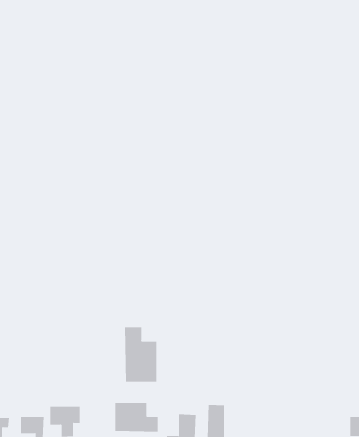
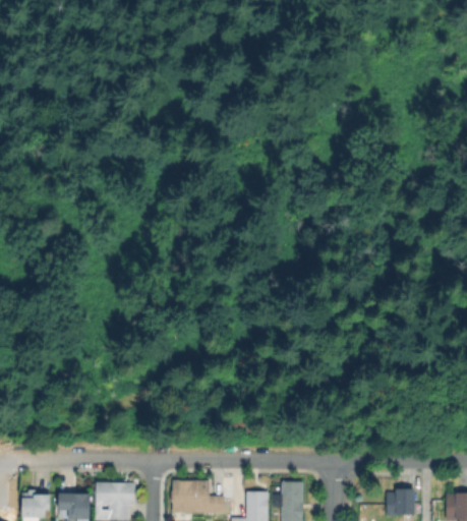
building: [125,327,157,383] -> none
building: none -> [389,491,419,514]

